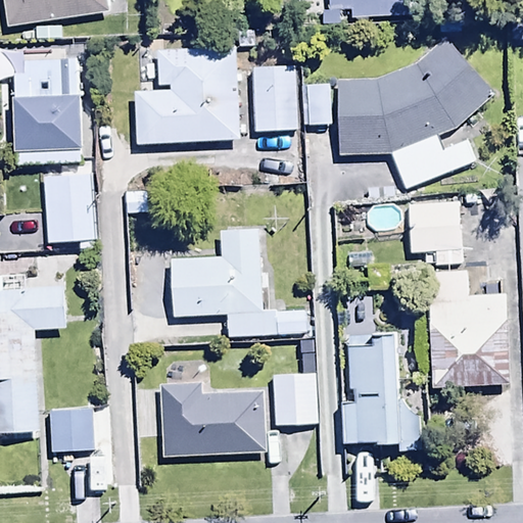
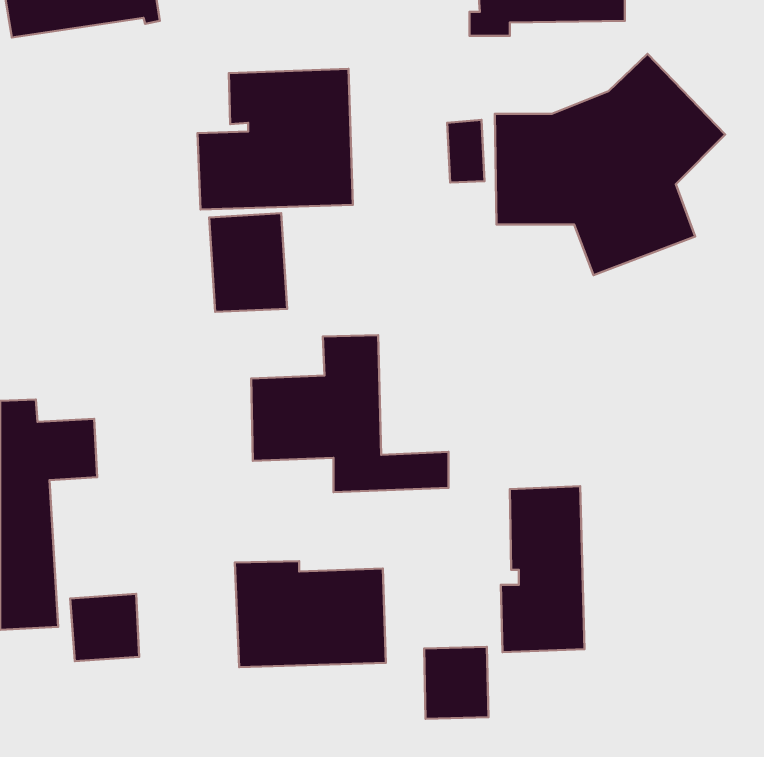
building: [13,58,89,163] -> none
building: [251,64,293,131] -> none
building: [43,174,96,241] -> [209,213,287,312]
building: [409,202,460,265] -> none
building: [428,272,510,392] -> none
building: [274,375,318,424] -> [424,647,488,719]

